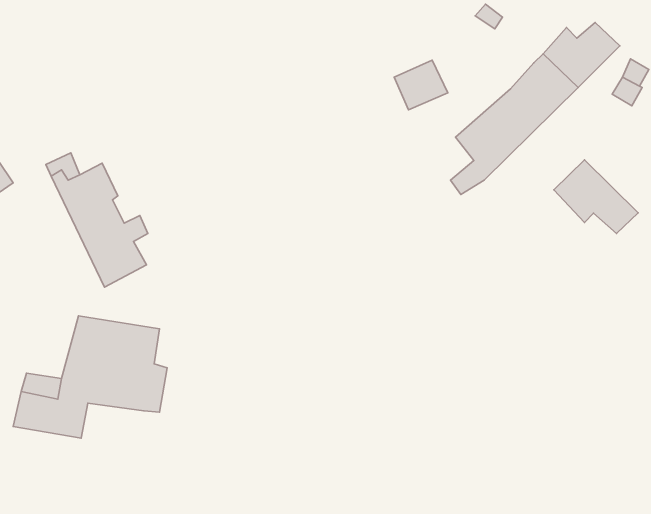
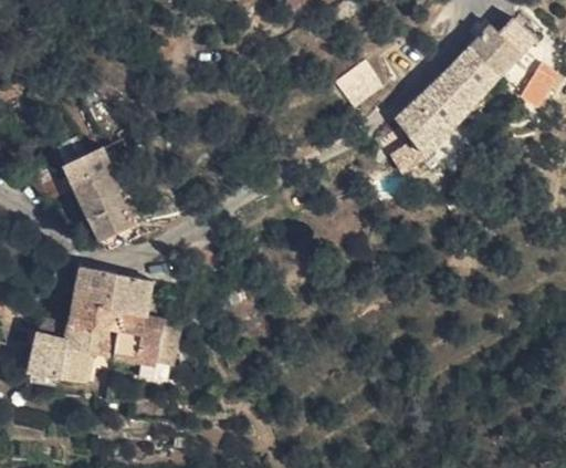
building: [554,160,638,234] -> none
building: none -> [132,316,169,376]

